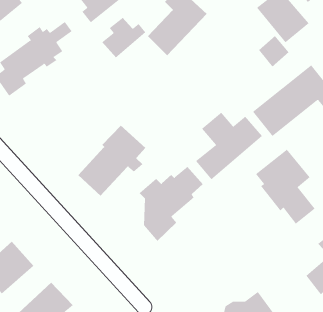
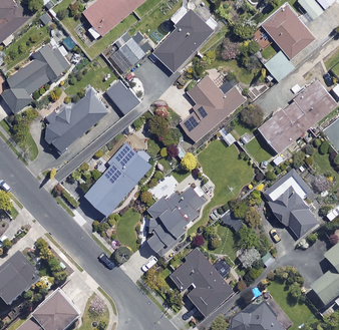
building: none -> [105,80,140,114]
building: none -> [43,85,110,155]
building: [195,112,263,180] -> [180,74,247,142]
building: none -> [166,248,233,313]

